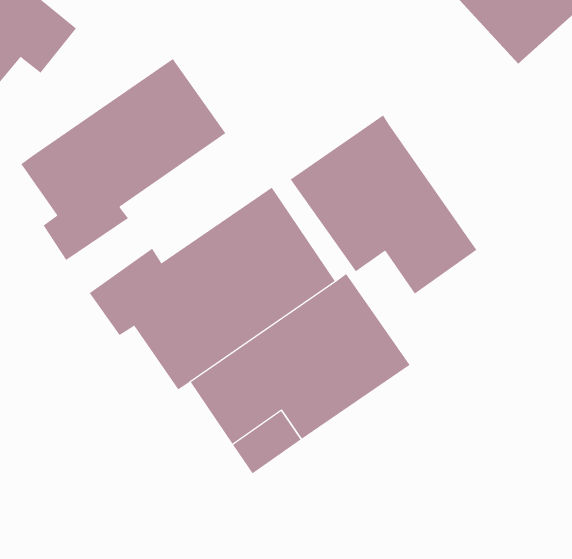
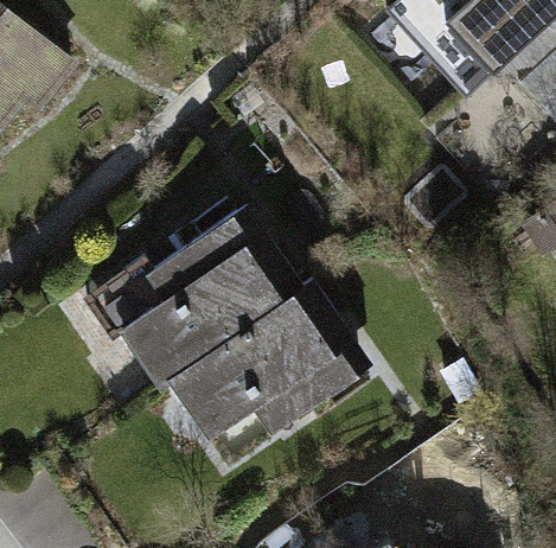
building: [21,58,226,261] -> none
building: [290,114,477,294] -> none

